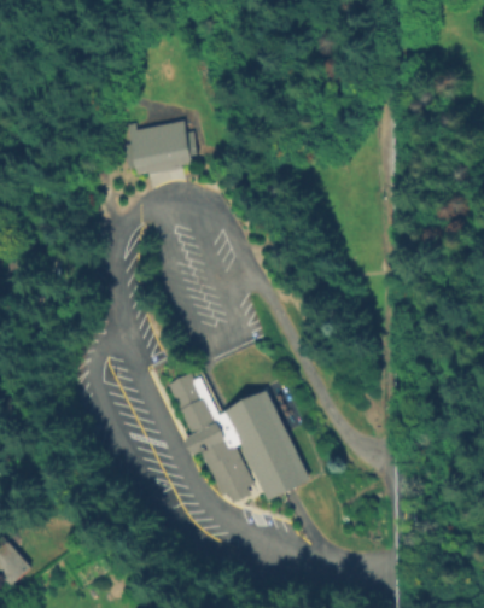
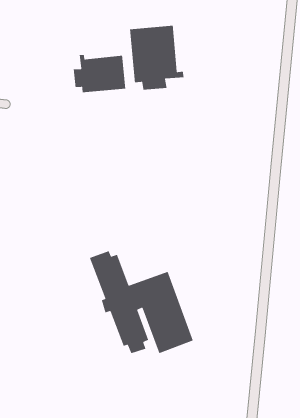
building: none -> [129,25,184,90]

